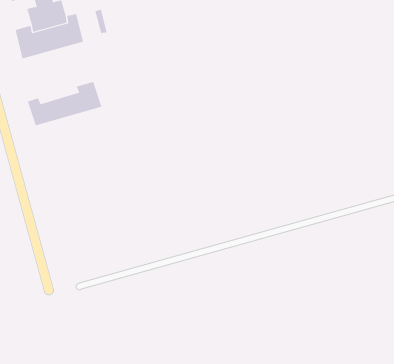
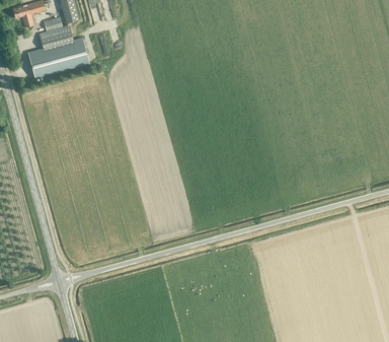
building: [27,81,102,126] -> none

